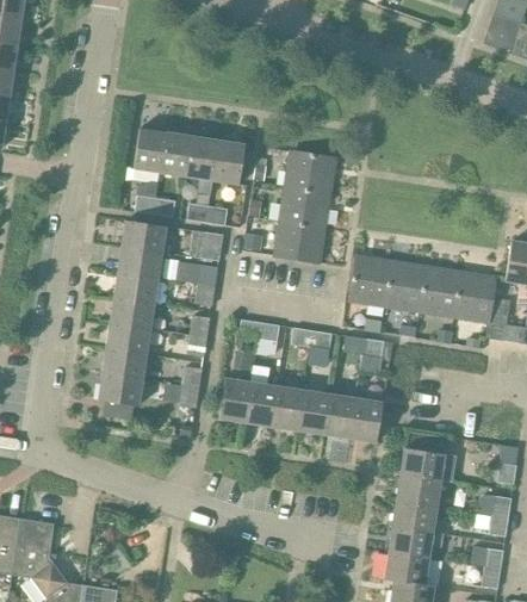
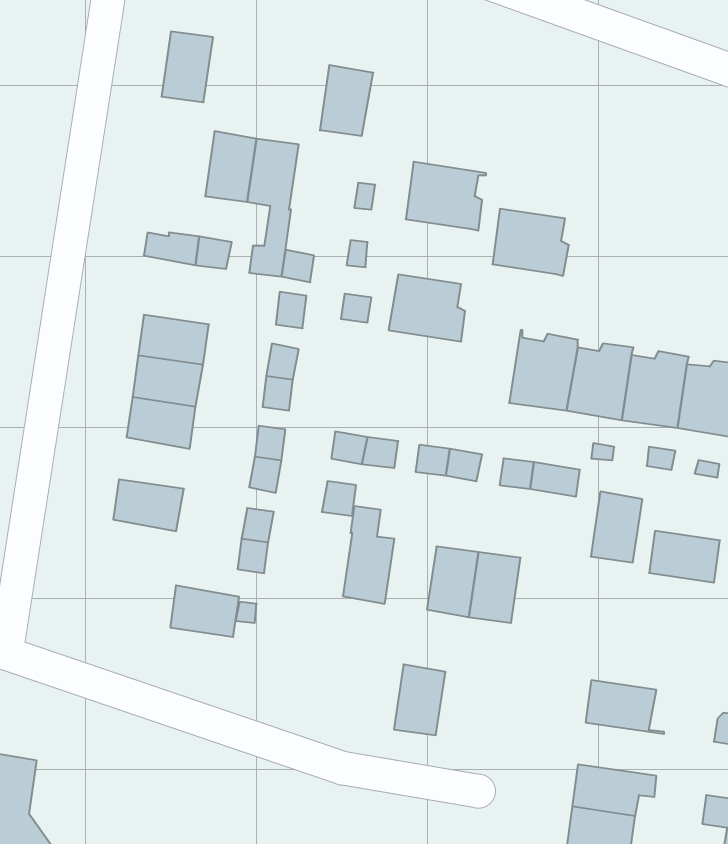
building: [134,128,166,172] -> [161,32,213,102]
building: [212,139,246,184] -> [320,65,373,136]
building: [280,186,328,228] -> [492,209,569,276]
building: [122,219,166,252] -> none
building: [106,322,150,354] -> none
building: [99,373,142,405] -> [170,585,239,637]
building: [219,378,252,421] -> none
building: [272,385,304,429] -> [394,664,446,735]
building: [351,397,383,441] -> [591,492,642,562]
building: [401,447,445,479] -> [649,531,720,583]
building: [392,499,446,533] -> none

